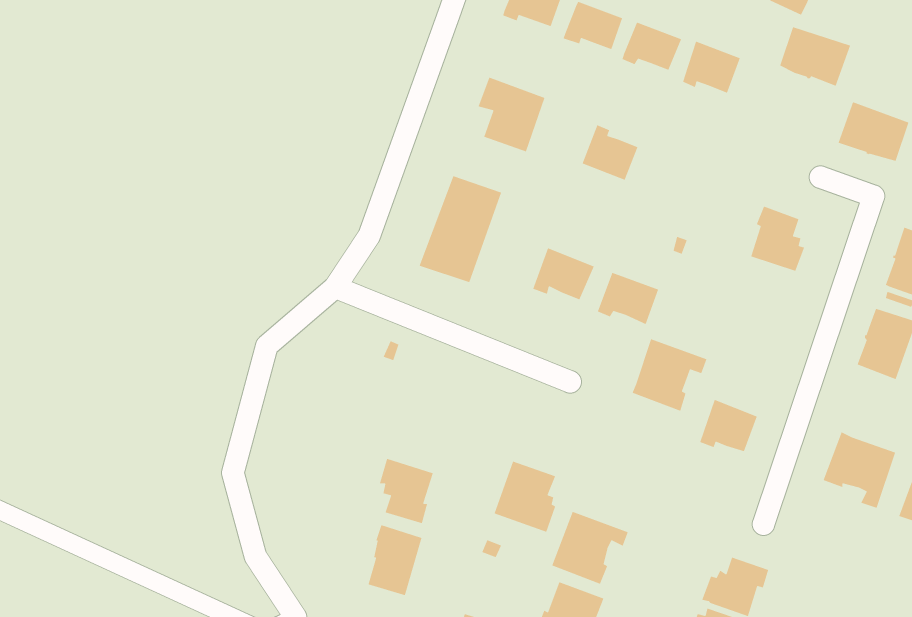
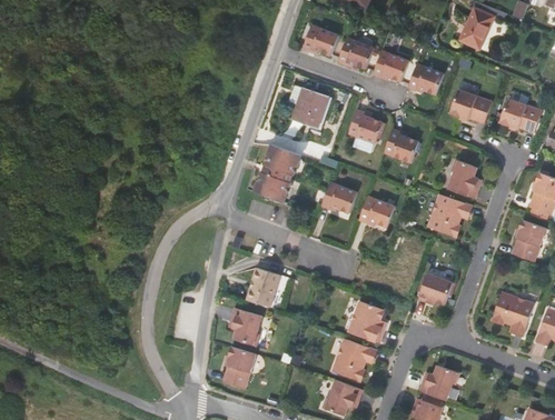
building: [779,26,851,87] -> [450,88,493,123]
building: none -> [384,129,418,163]
building: [632,338,707,412] -> [428,193,473,237]
building: none -> [246,267,280,307]
building: [494,461,556,533] -> [348,300,385,342]

